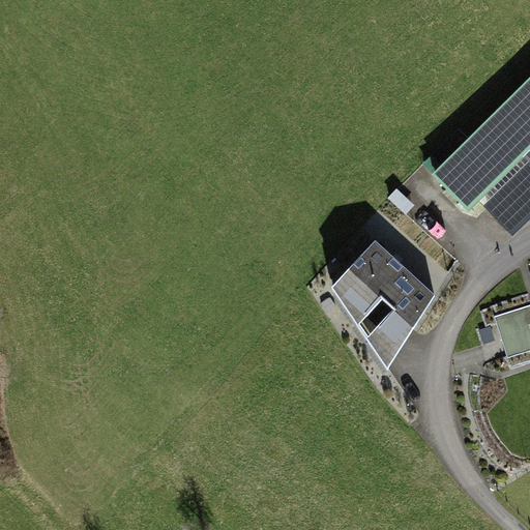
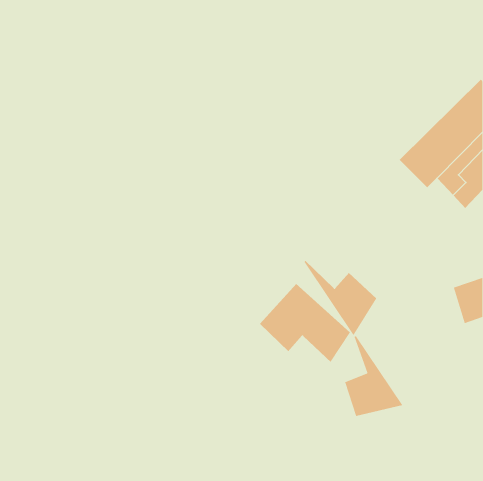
building: [334,240,435,327] -> [259,283,351,363]
building: none -> [344,335,403,417]

